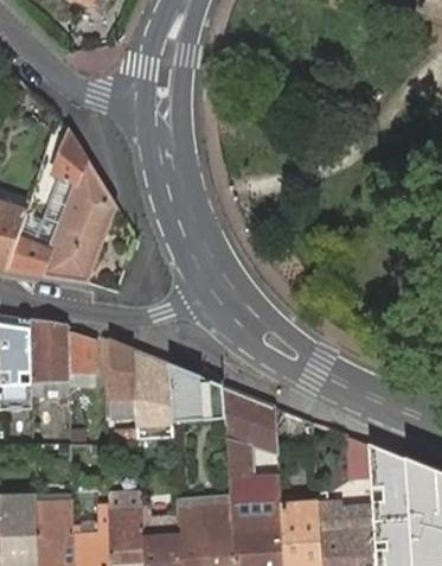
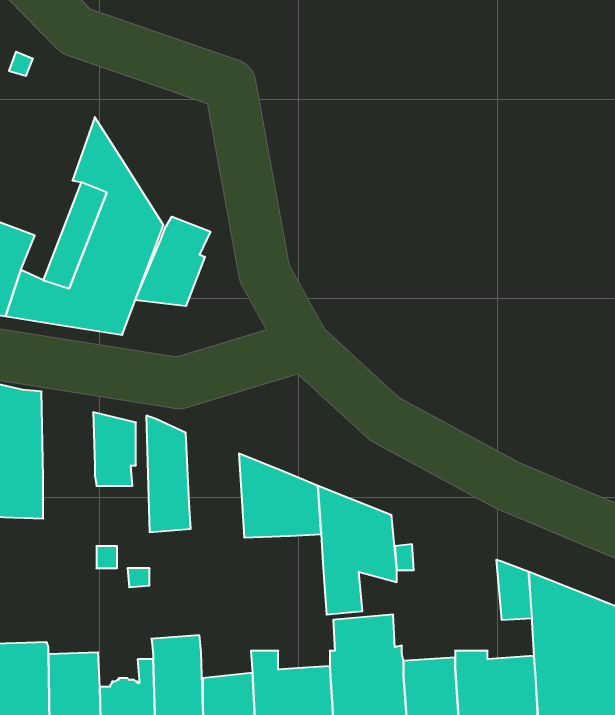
building: none -> [135,217,210,306]
building: [31,320,68,395] -> none
building: [130,349,172,453] -> none

